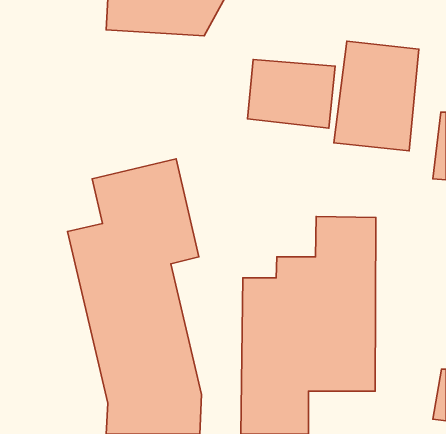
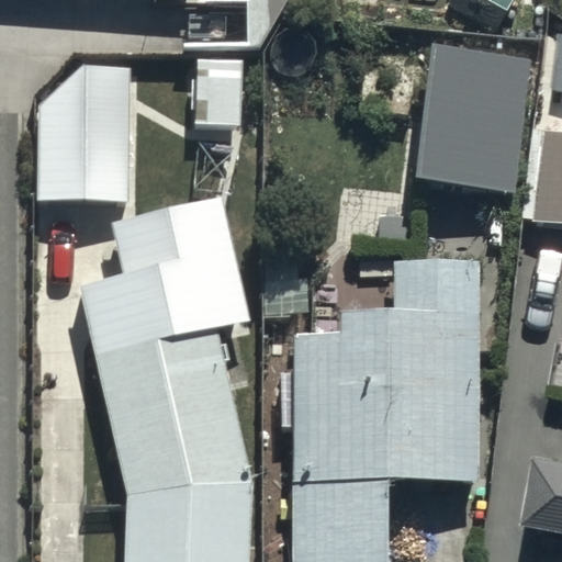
building: none -> [36,59,128,199]
building: [247,60,335,128] -> none

